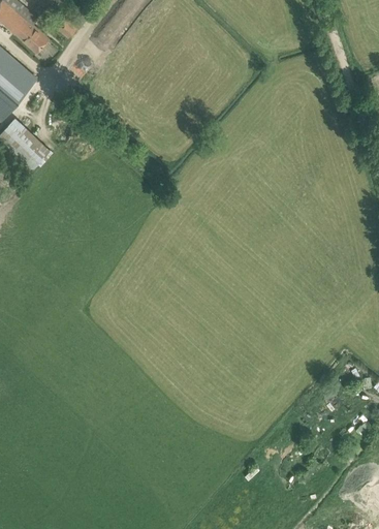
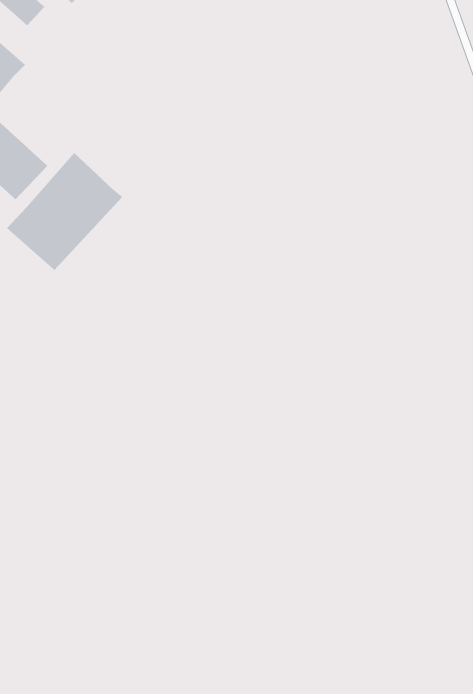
building: none -> [6,152,123,271]

